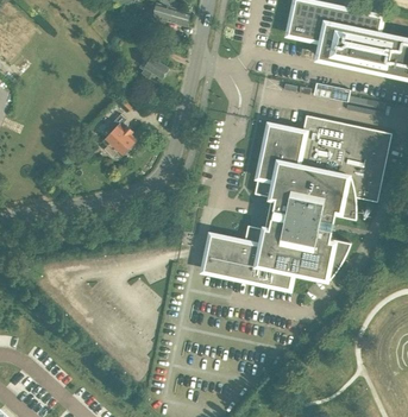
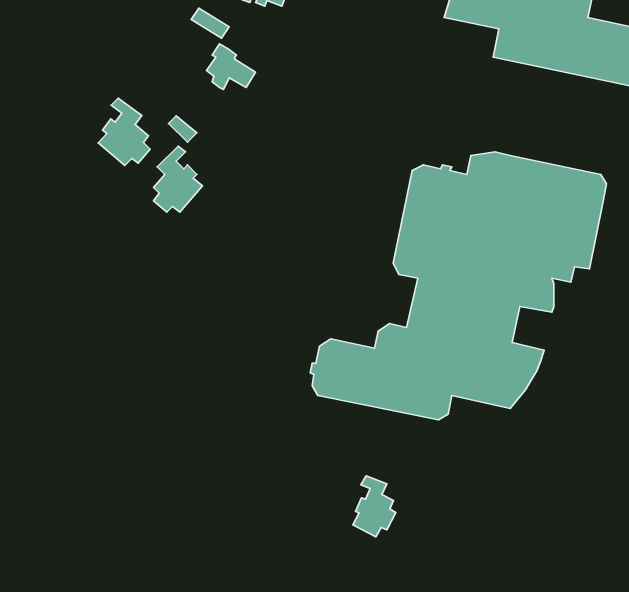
building: none -> [98,98,150,166]
building: none -> [353,476,396,537]

